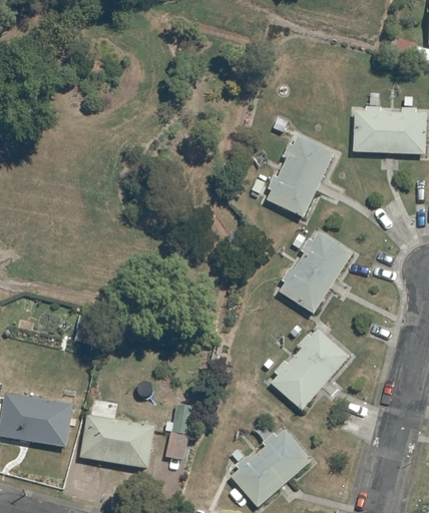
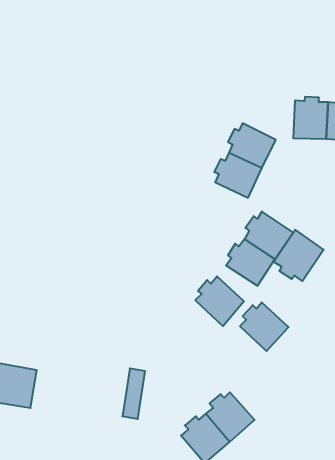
building: none -> [273,230,324,281]
building: [271,357,324,411] -> [195,276,244,326]
building: [80,413,155,469] -> none

